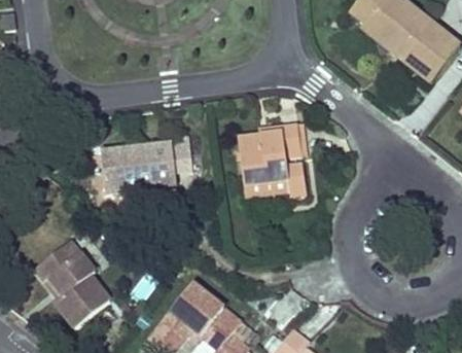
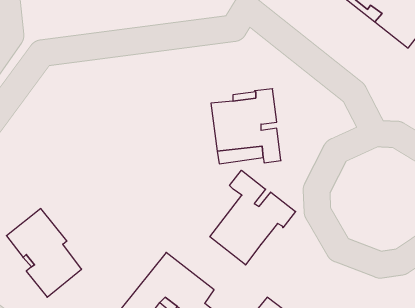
building: [101,135,193,192] -> none
building: none -> [210,170,296,265]

